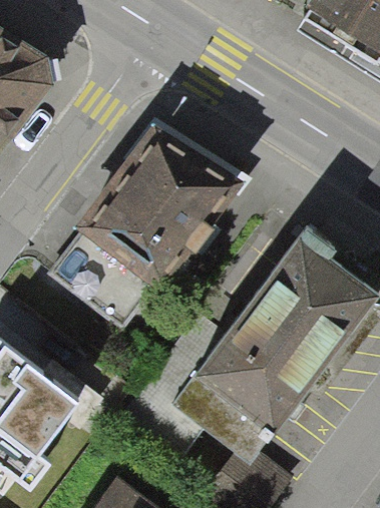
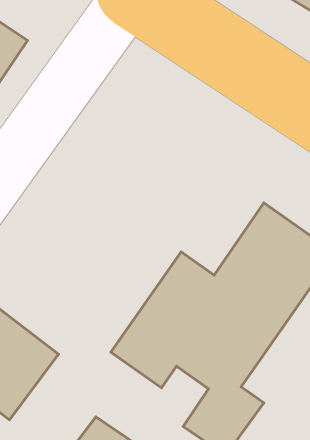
building: [86,125,234,285] -> none

